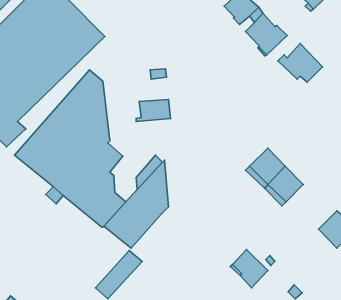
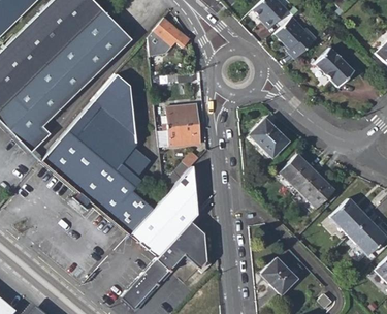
building: none -> [148,18,191,52]
building: none -> [249,118,289,159]
building: none -> [158,124,201,148]
building: none -> [330,198,368,237]
building: none -> [157,221,206,270]

